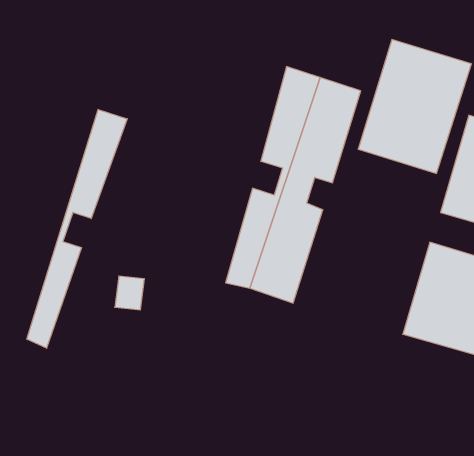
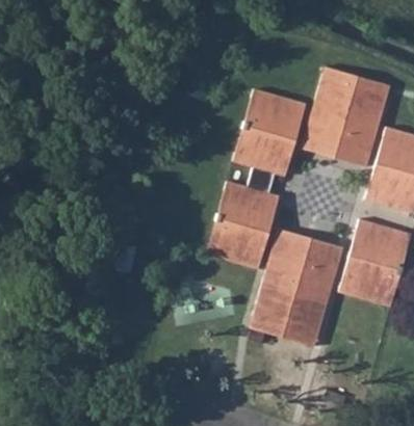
building: [27,109,127,348] -> none
building: none -> [250,229,342,346]

